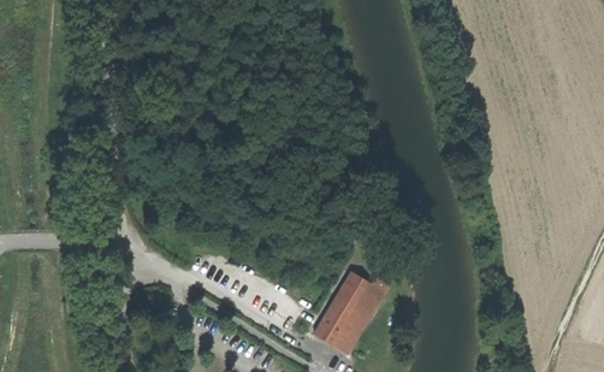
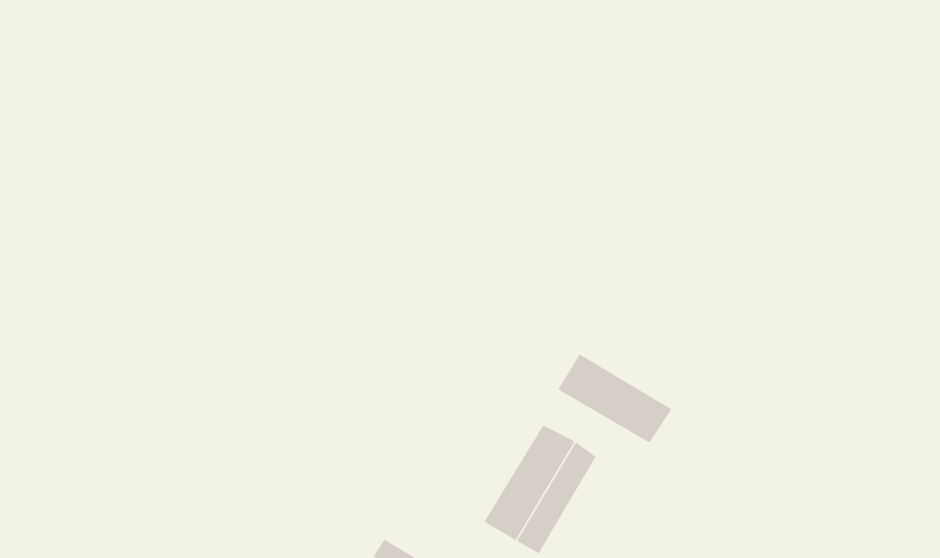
building: none -> [558,354,672,443]

